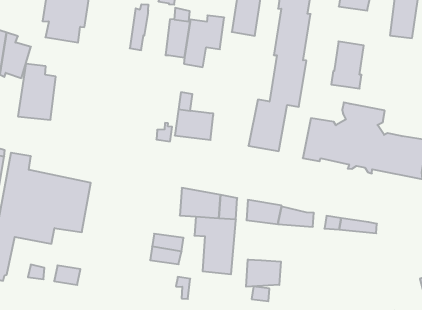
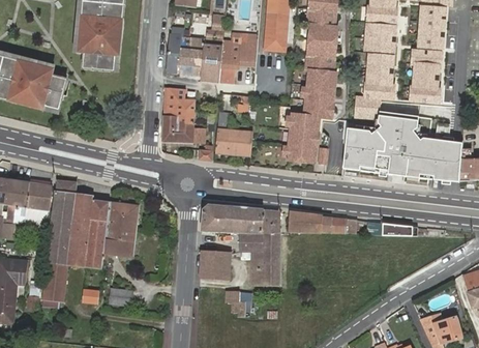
building: none -> [363,22,394,50]
building: none -> [177,37,203,77]
building: none -> [408,48,441,99]
building: [18,64,56,120] -> [160,89,194,142]
building: none -> [355,94,379,118]
building: none -> [201,204,226,232]
building: [246,259,281,287] -> none

